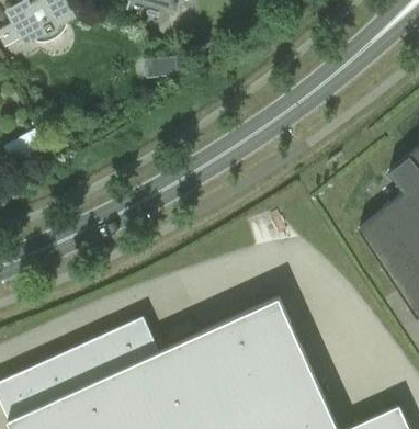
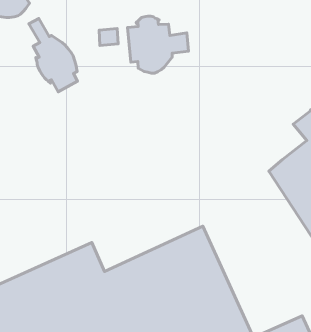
building: none -> [127,16,188,73]
building: none -> [29,18,78,92]

